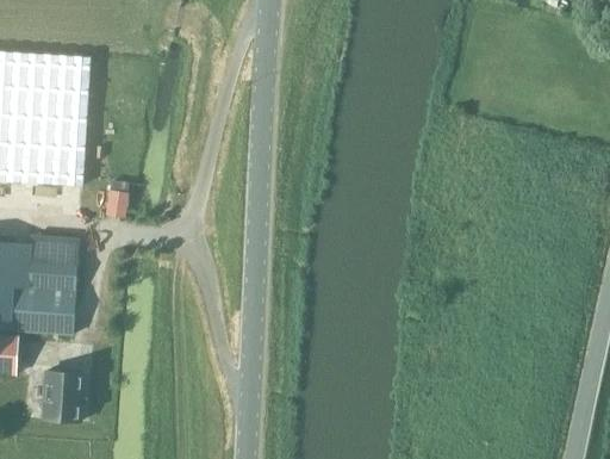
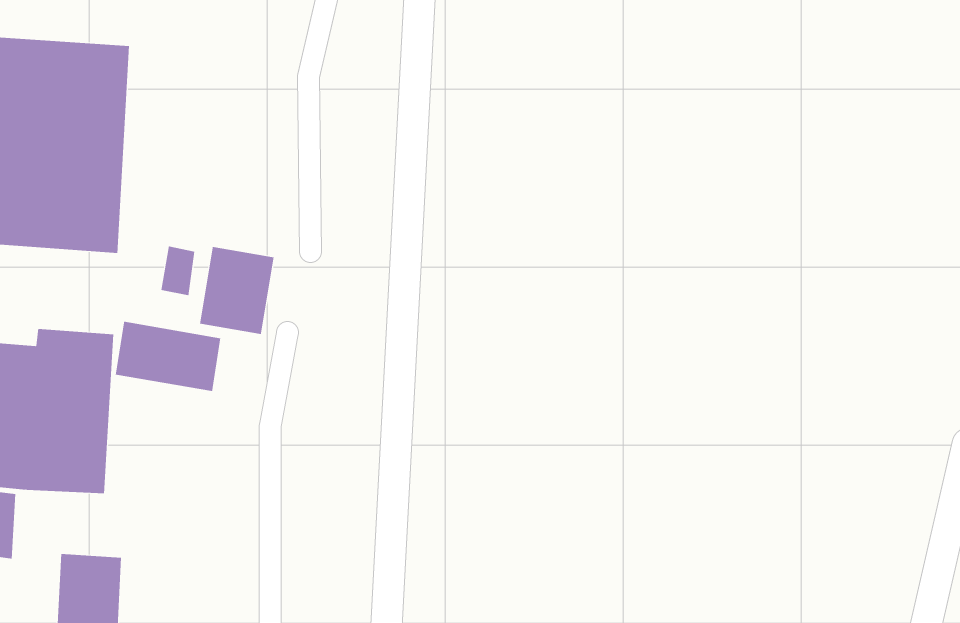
building: none -> [200,246,274,335]
building: none -> [115,321,221,392]

